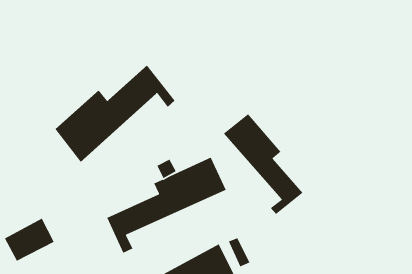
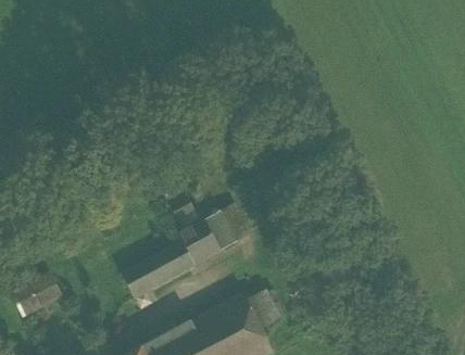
building: [54,65,176,163] -> none
building: [223,113,303,215] -> none

